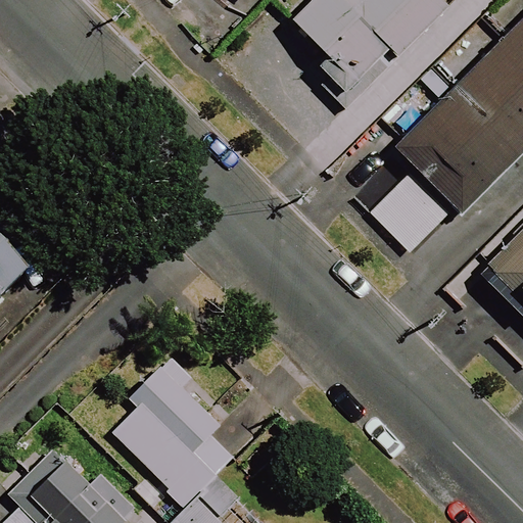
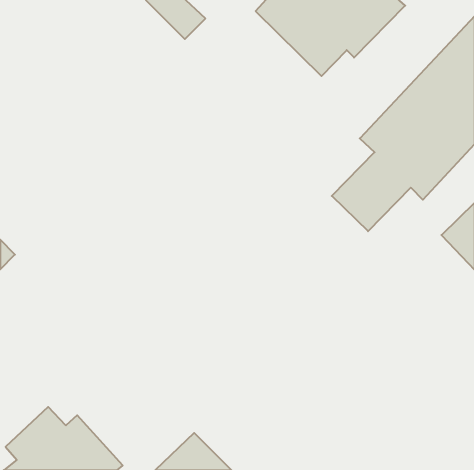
building: [102,364,243,504] -> none

